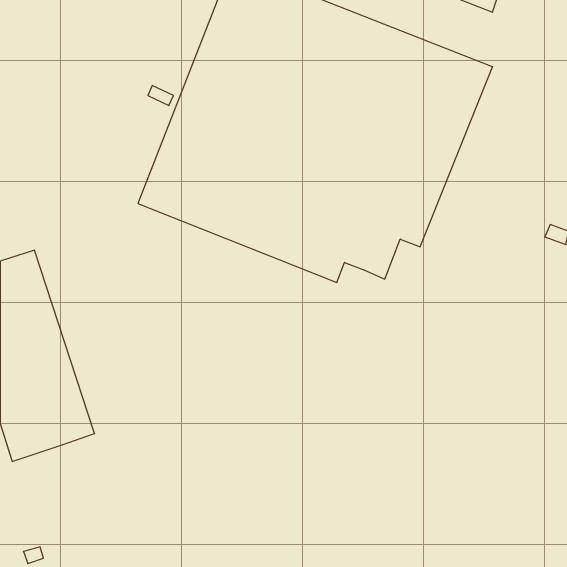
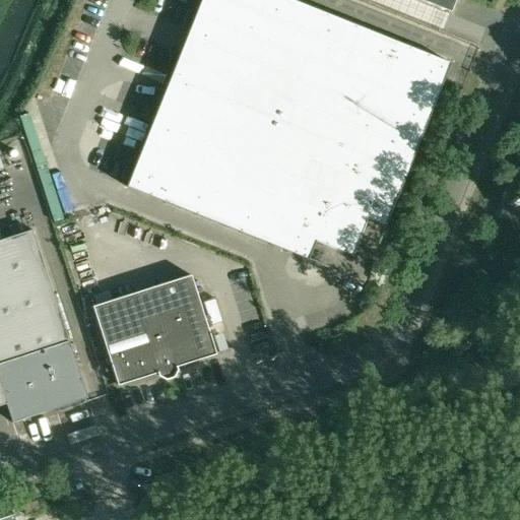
building: none -> [91,273,216,384]

